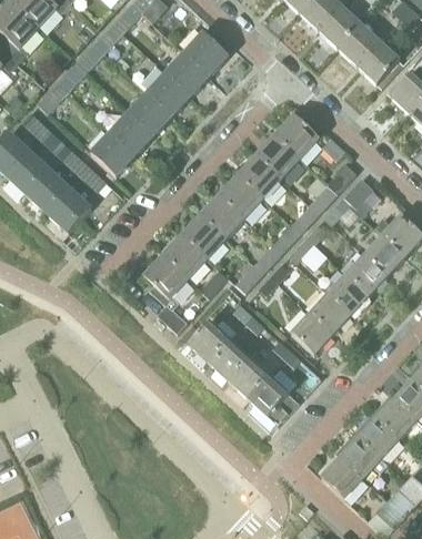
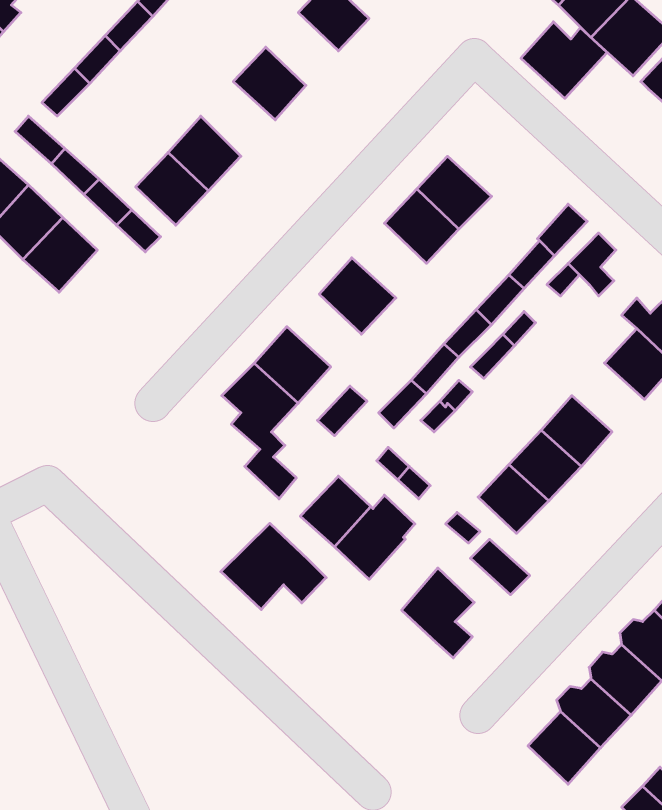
building: [168,52,210,94] -> none
building: [130,92,173,135] -> none
building: [273,114,323,159] -> [521,22,607,98]
building: [218,174,261,217] -> none
building: [48,190,91,233] -> none
building: [180,215,223,257] -> none
building: [340,255,388,295] -> none
building: none -> [221,523,326,610]
building: [228,357,268,398] -> none

